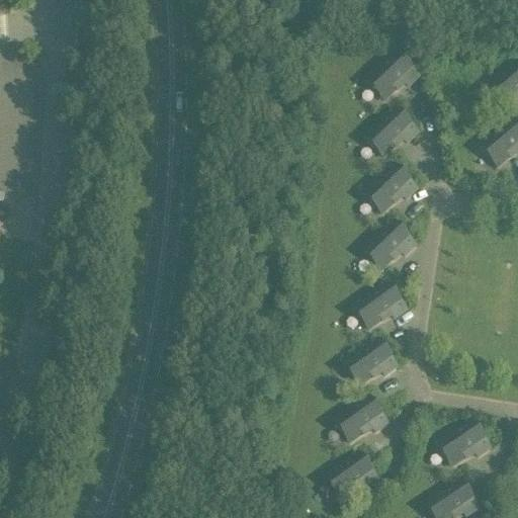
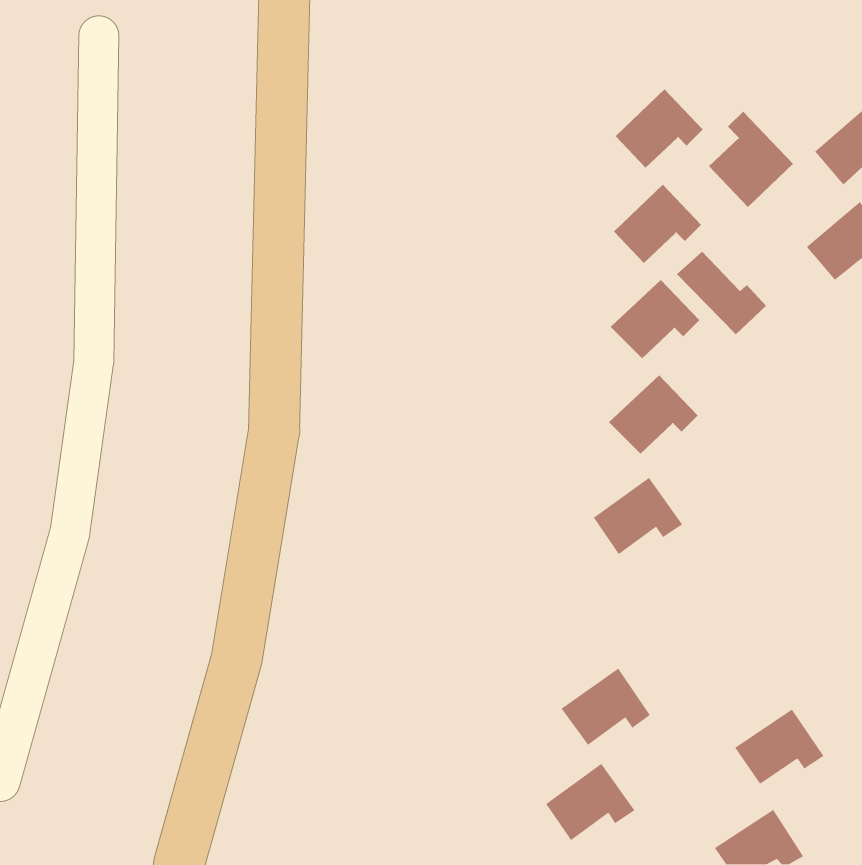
building: none -> [708,111,794,208]
building: none -> [676,251,767,335]
building: [348,340,402,386] -> none

